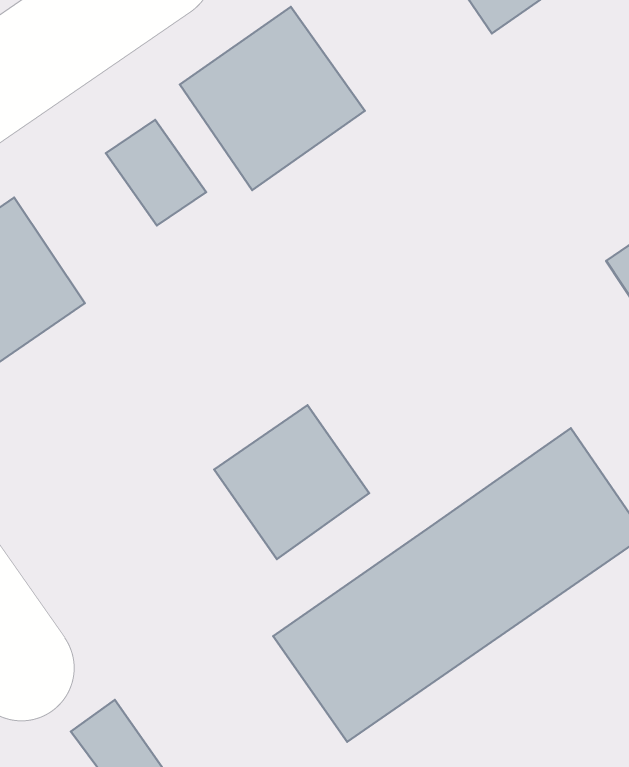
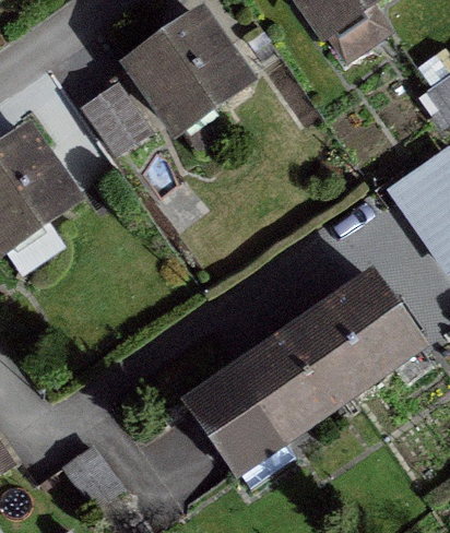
building: [214,405,369,559] -> none

